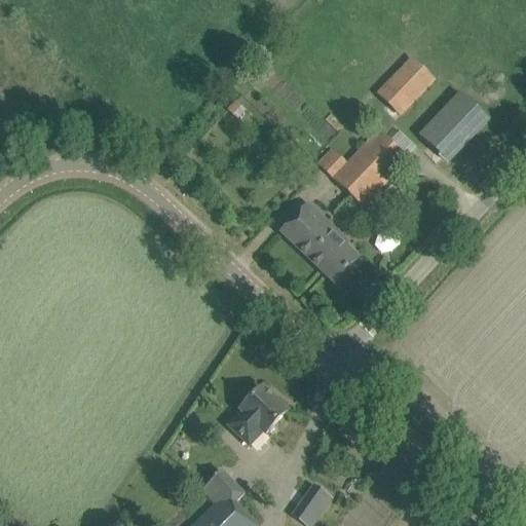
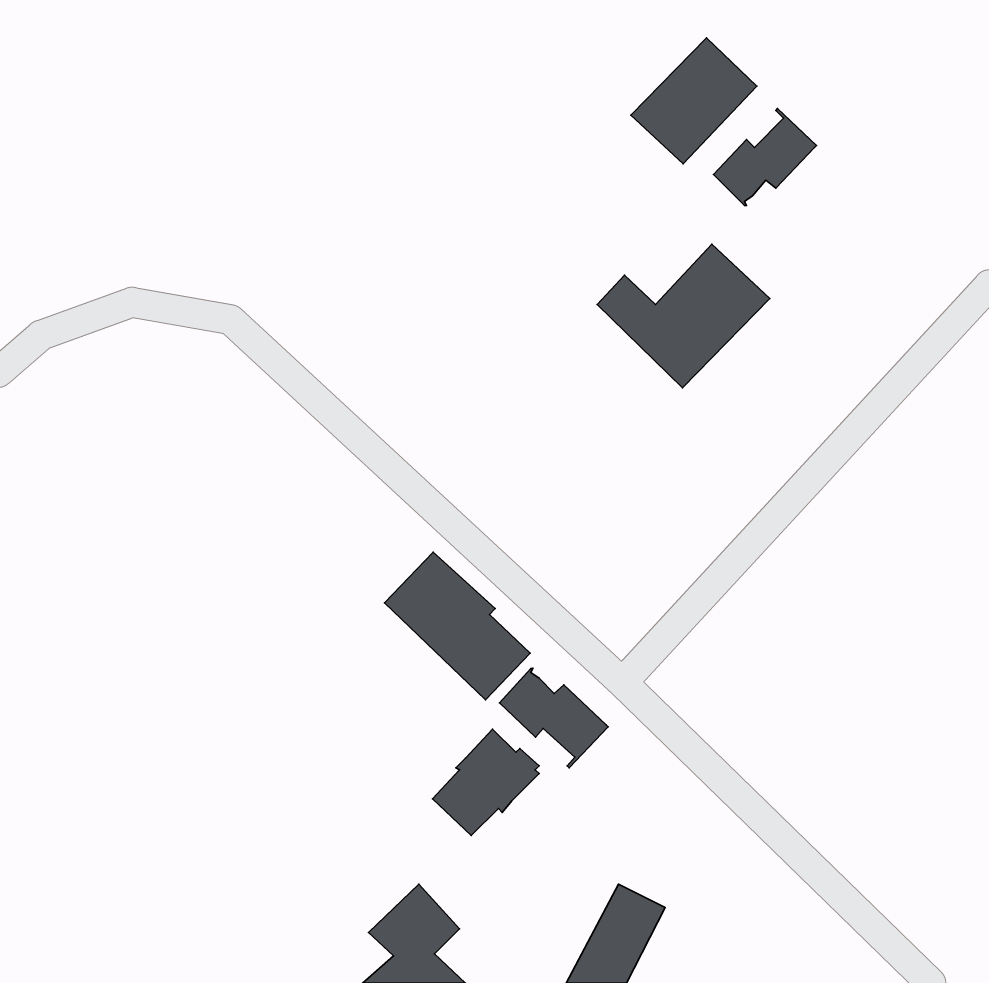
building: [418,92,485,159] -> [631,38,757,164]
building: [280,203,358,281] -> [385,552,530,700]
building: none -> [500,668,608,768]

